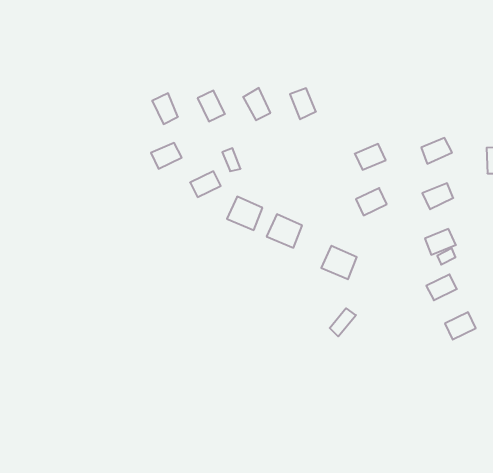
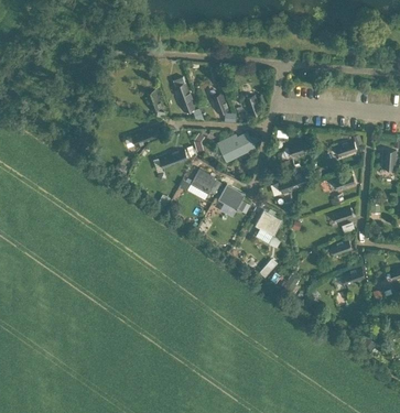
building: none -> [217,134,251,160]

